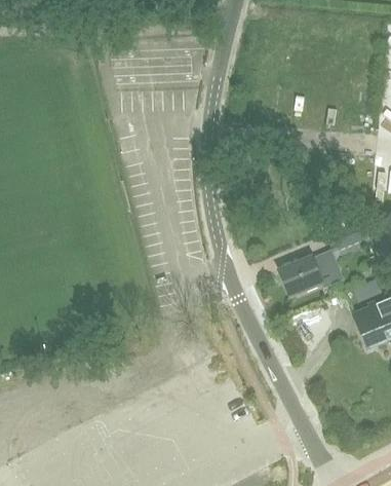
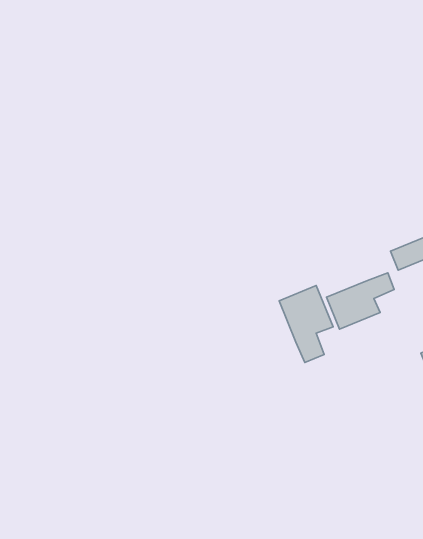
building: none -> [279,285,333,363]

